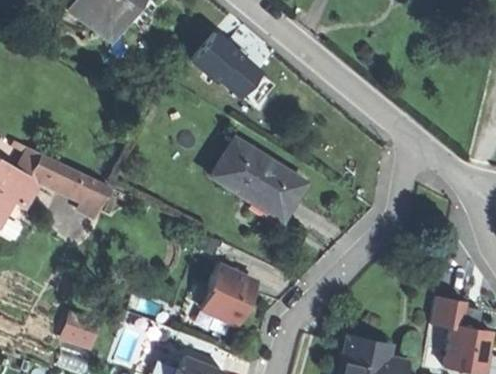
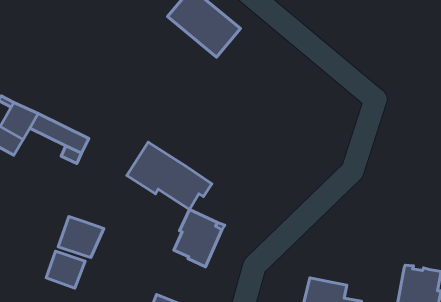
building: [210,139,302,212] -> [127,142,212,210]
building: none -> [58,217,104,258]
building: [430,297,464,327] -> none

